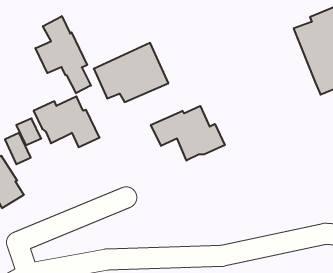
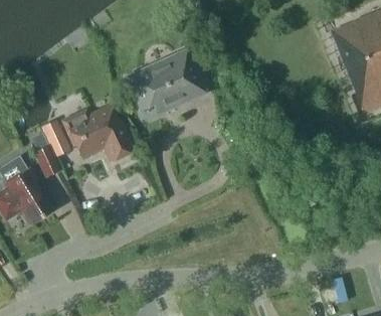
building: [35,16,91,93] -> none
building: [151,106,225,161] -> none

